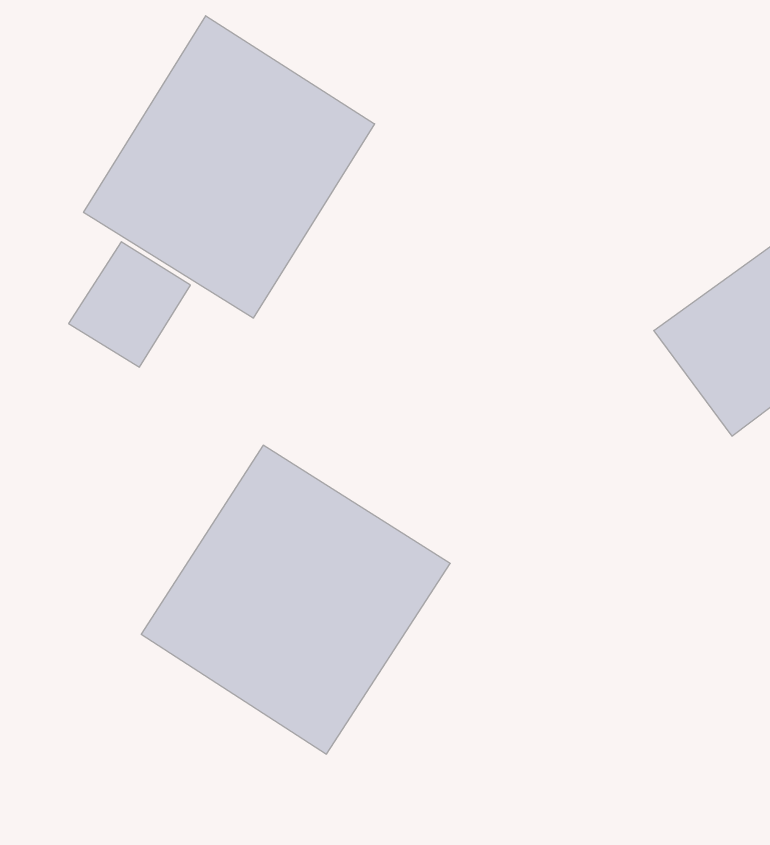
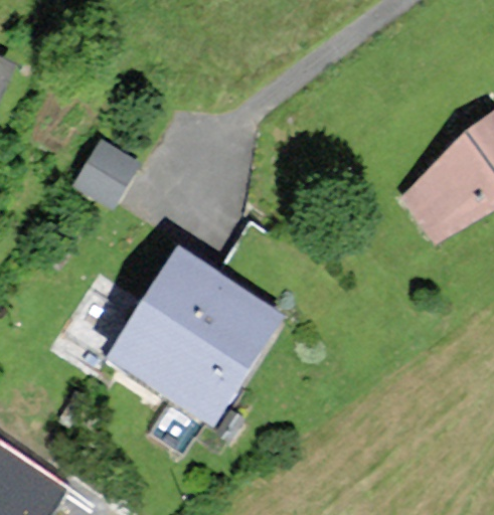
building: [84,16,375,318] -> none

